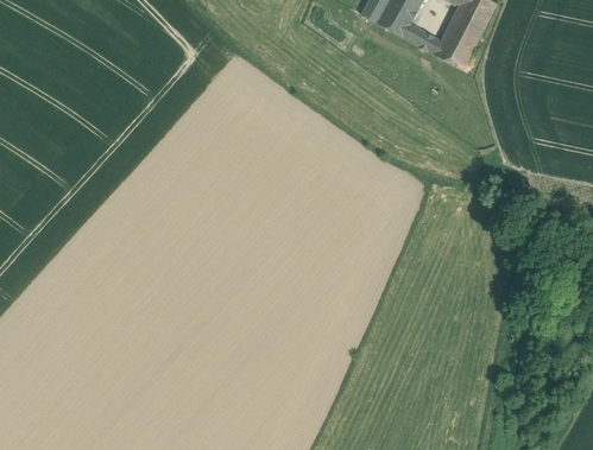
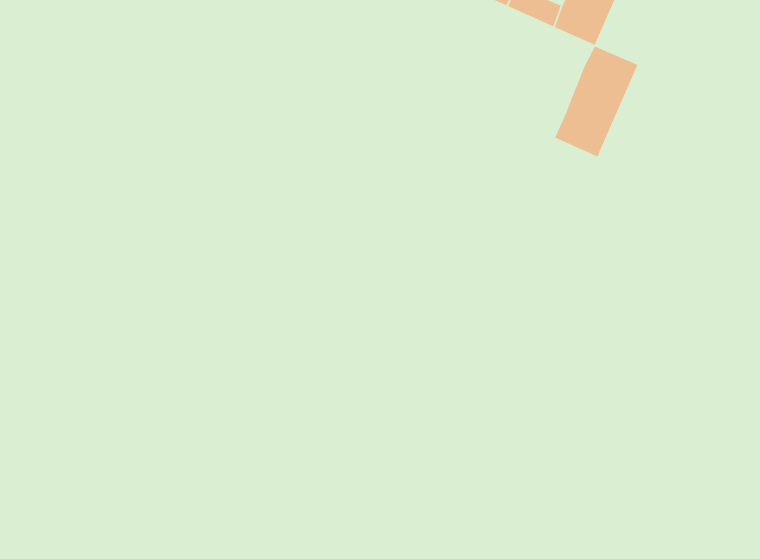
building: none -> [554,45,638,158]

